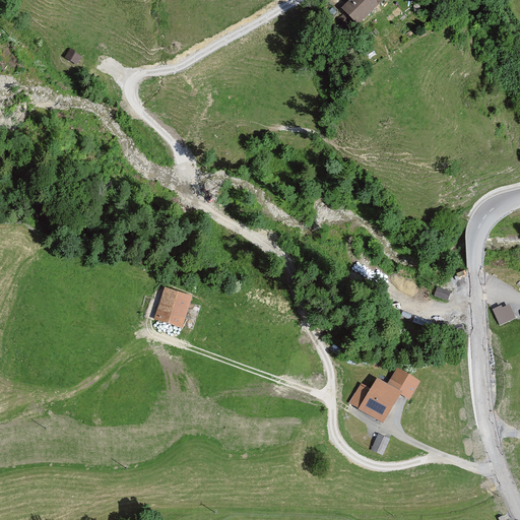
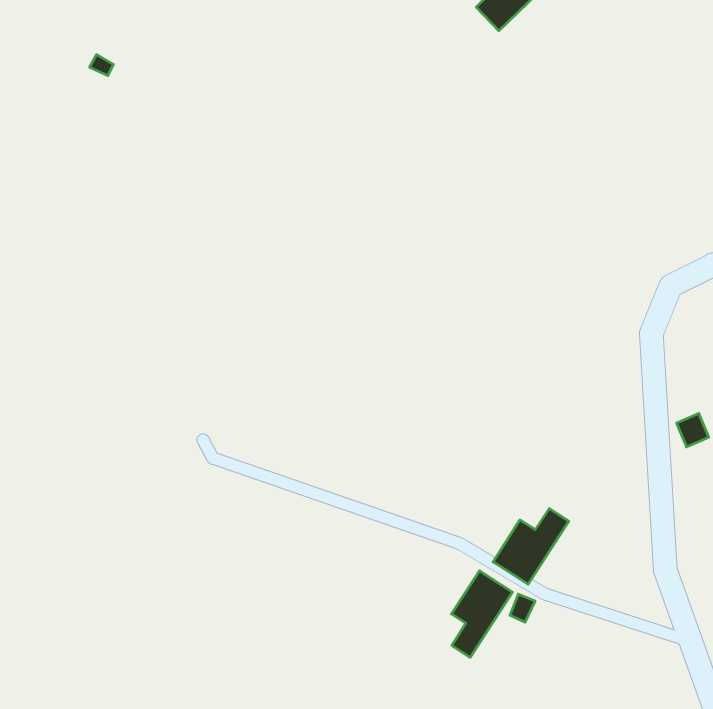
building: [147,284,191,327] -> none
building: none -> [451,571,512,657]

